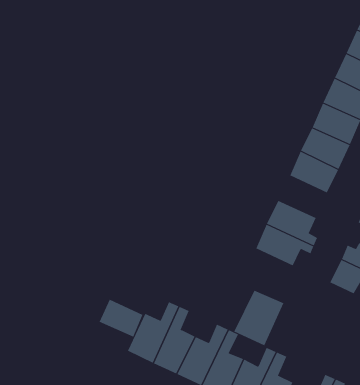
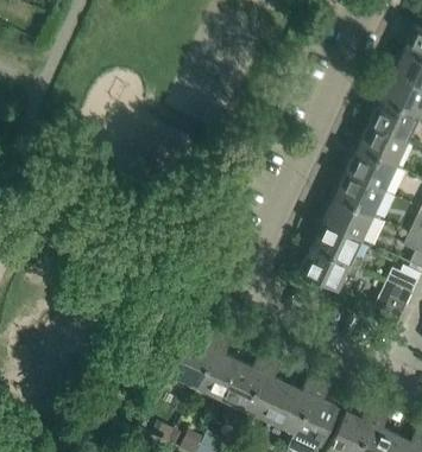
building: none -> [322,198,372,241]
building: [234,290,284,346] -> none
building: [99,299,143,337] -> none

